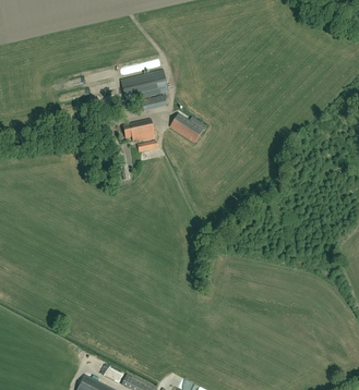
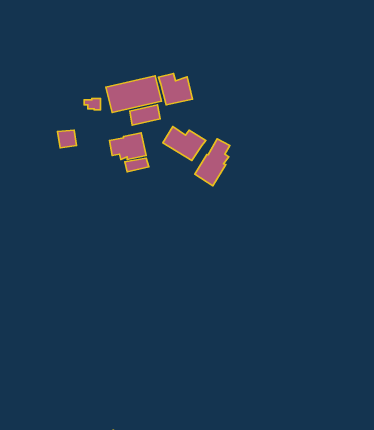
building: none -> [159,74,192,105]
building: none -> [195,139,230,186]

